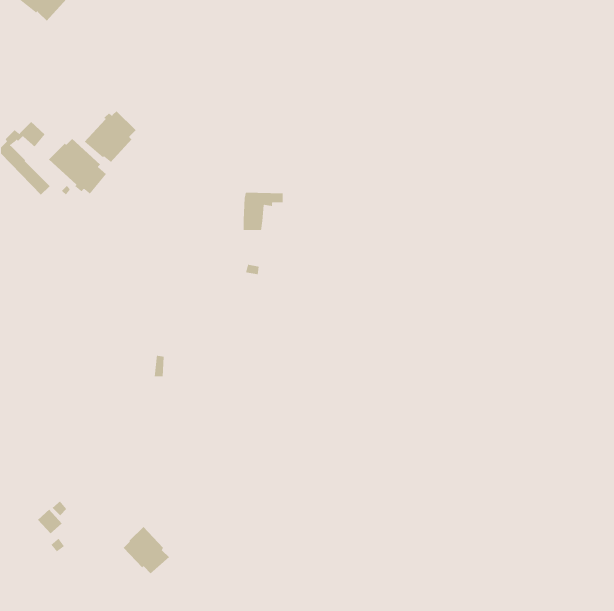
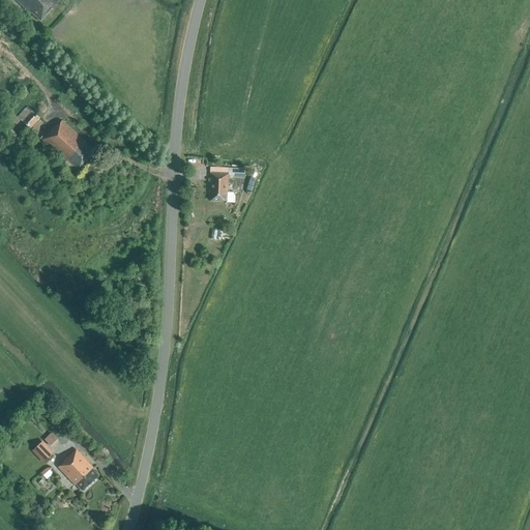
building: [84,111,136,163] -> none
building: [123,526,170,574] -> [58,447,98,489]

